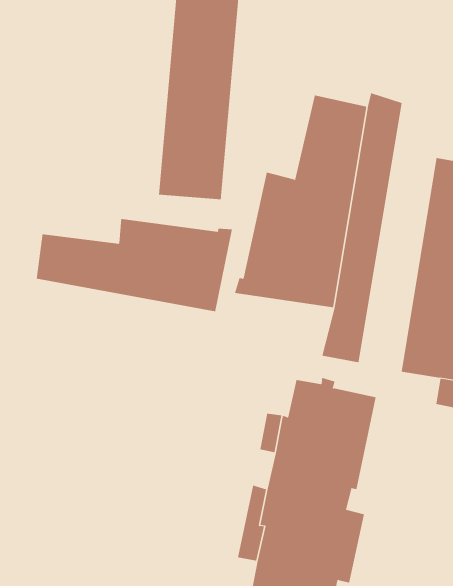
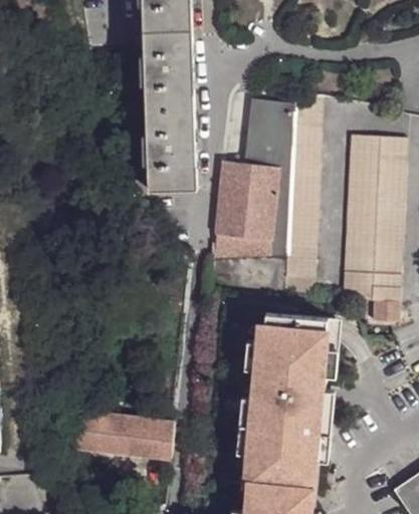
building: [36,218,232,312] -> none
building: none -> [74,415,175,458]

